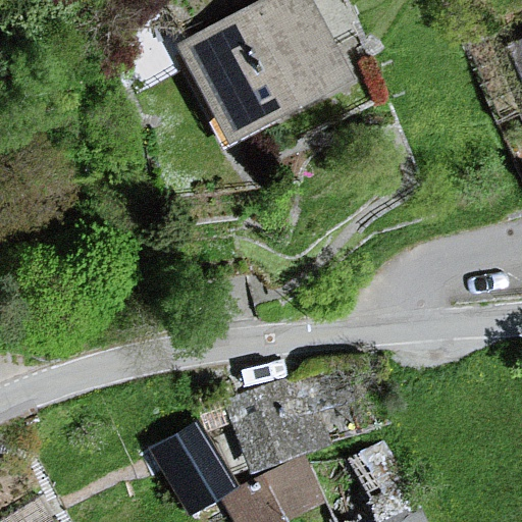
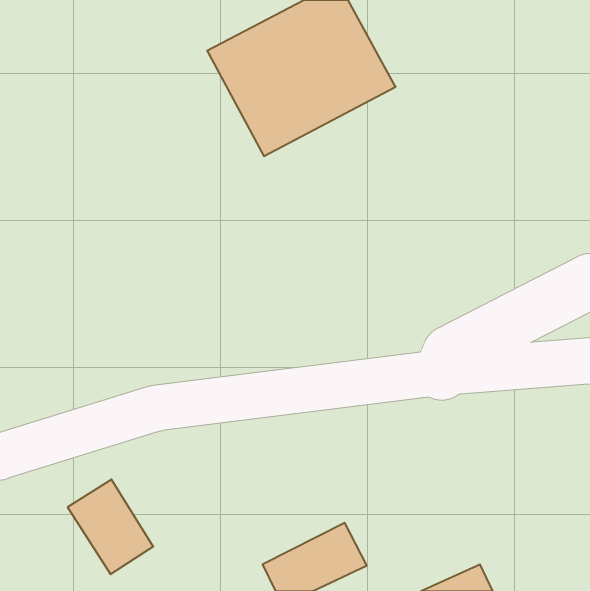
building: [234,379,324,463] -> none
building: [156,425,231,509] -> [68,479,153,574]

